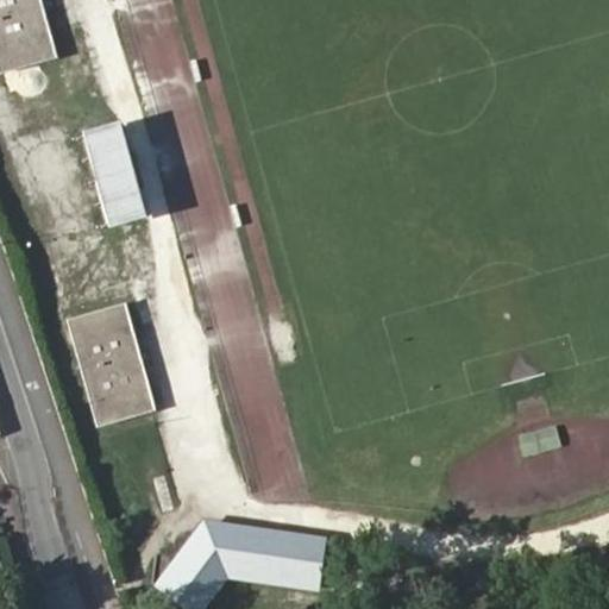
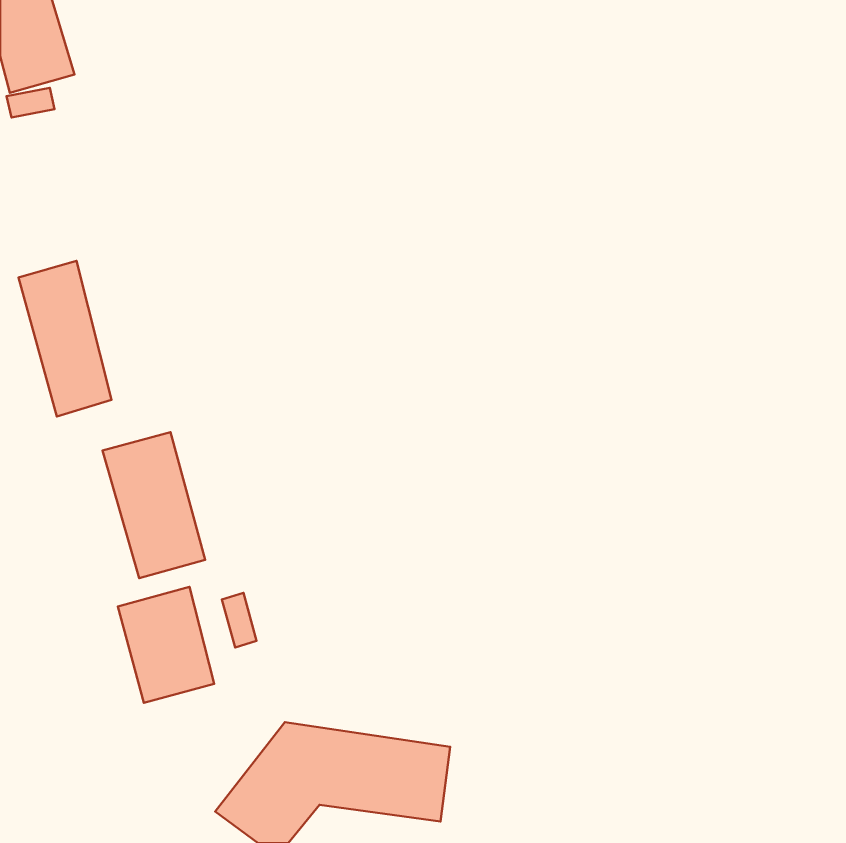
building: [83,115,150,227] -> [19,261,111,416]
building: none -> [118,587,214,703]

